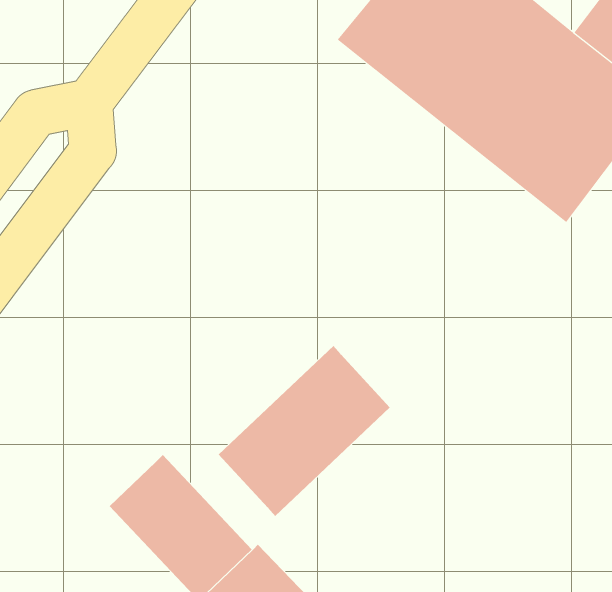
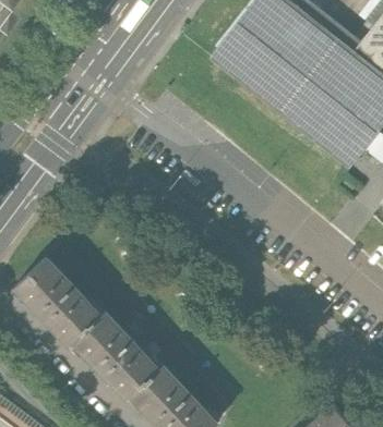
building: [218,345,391,517] -> none
building: none -> [15,257,101,345]

